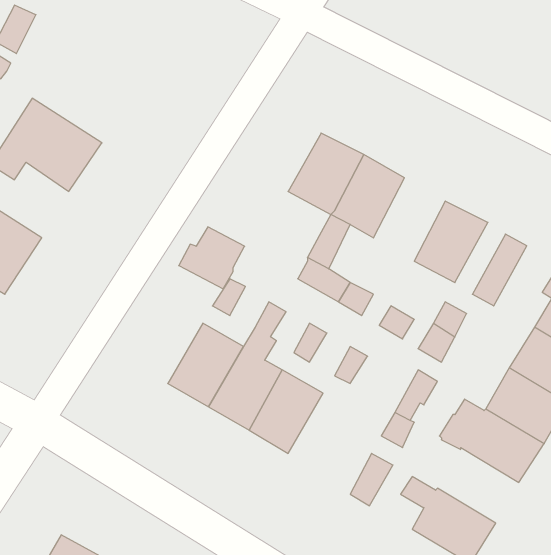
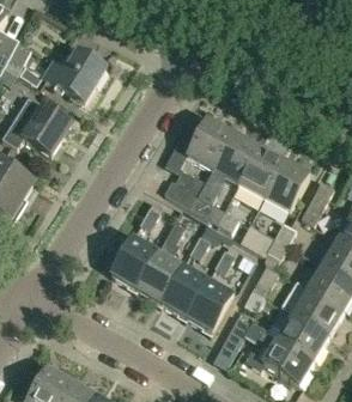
building: none -> [45,51,107,100]
building: none -> [239,145,284,196]
building: [179,227,245,289] -> [165,169,206,207]
building: none -> [187,278,233,329]
building: none -> [279,311,329,358]

